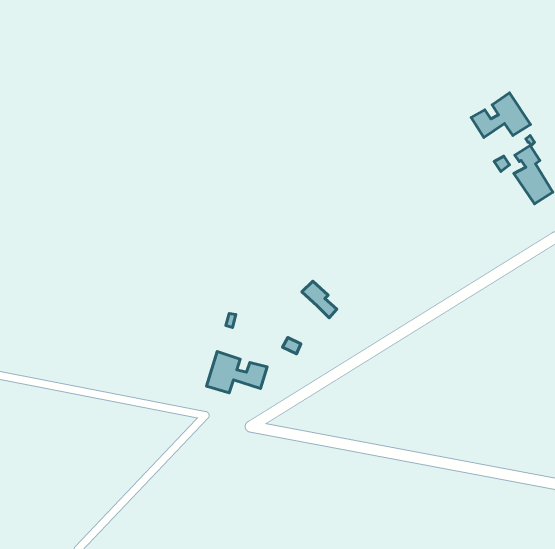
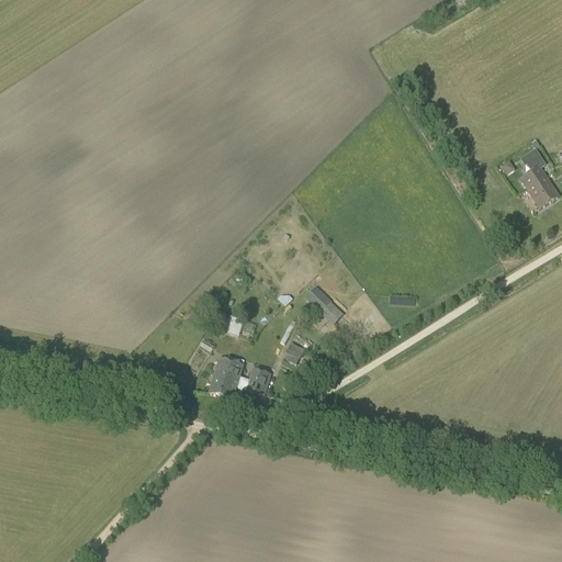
building: [471,93,530,137] -> none

